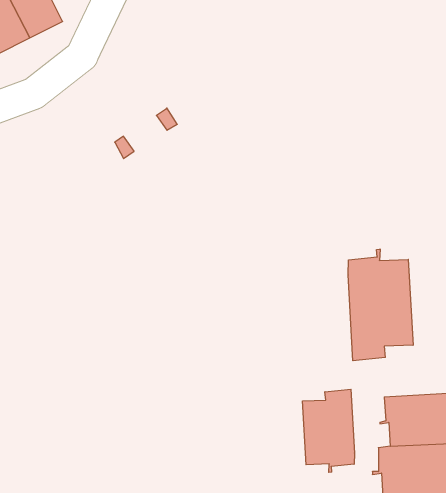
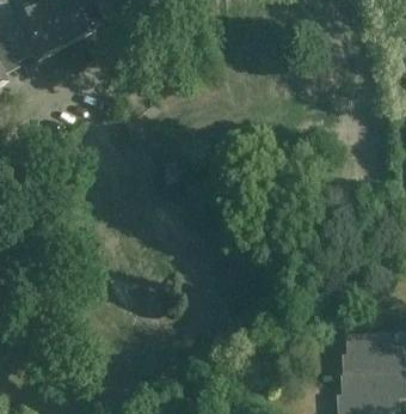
building: [348,249,413,361] -> none
building: [303,389,354,472] -> none

